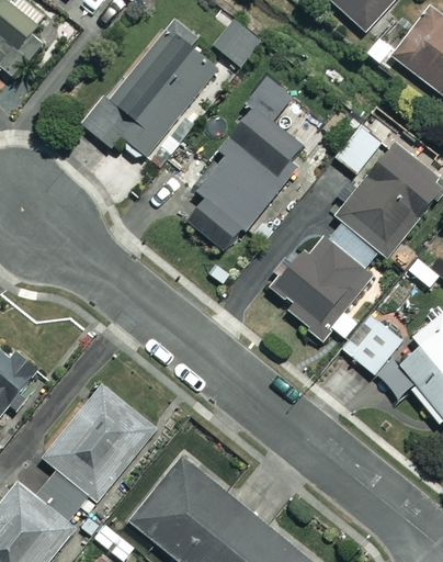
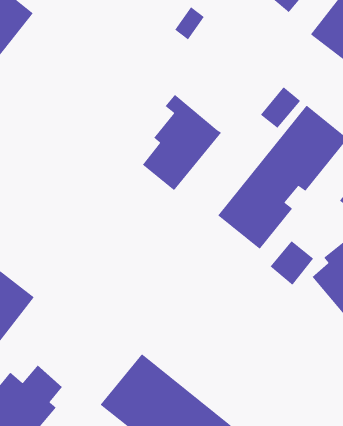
building: [82,27,217,157] -> none
building: [224,78,305,178] -> none
building: [41,384,154,502] -> none

